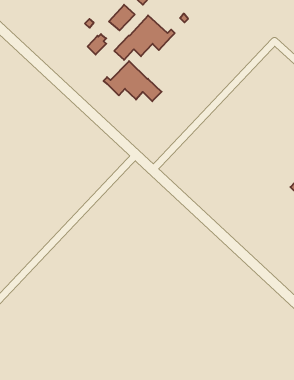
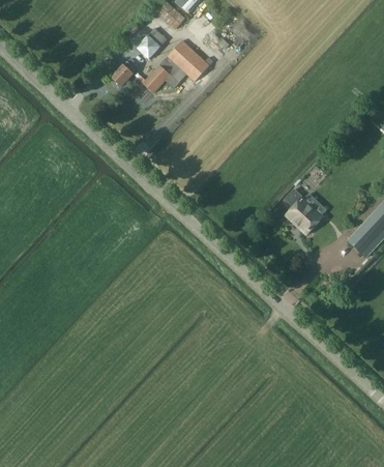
building: [104,61,162,101] -> none
building: none -> [284,189,325,233]

